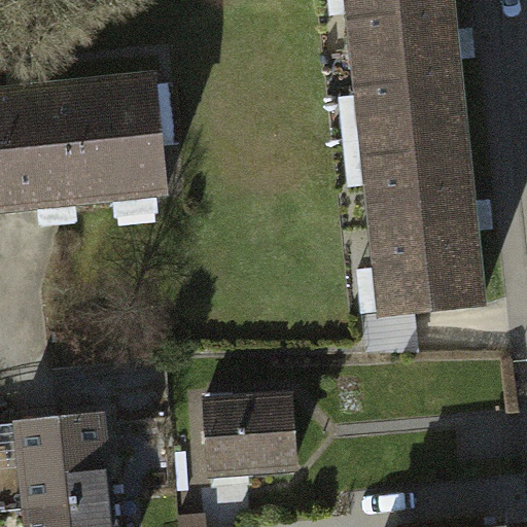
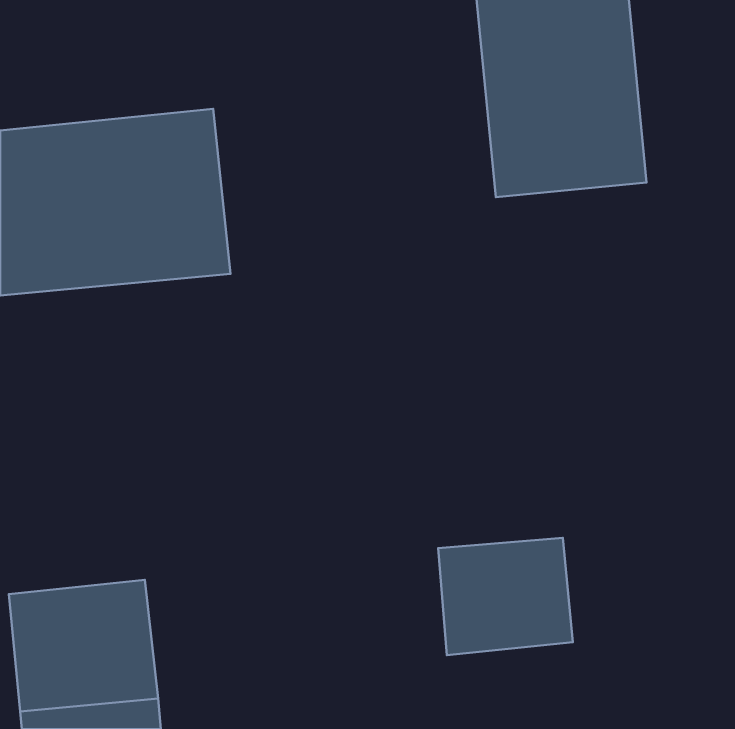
building: [356,130,480,313] -> none
building: [205,391,301,475] -> [438,538,573,655]

